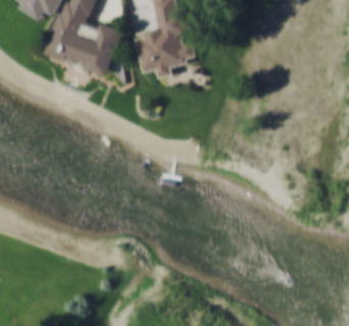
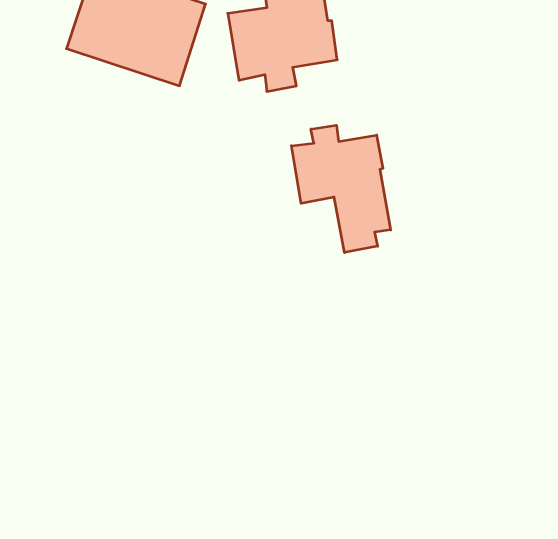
building: none -> [291,125,391,253]

